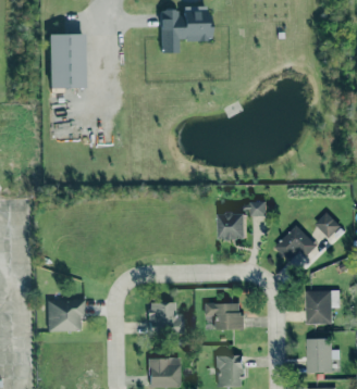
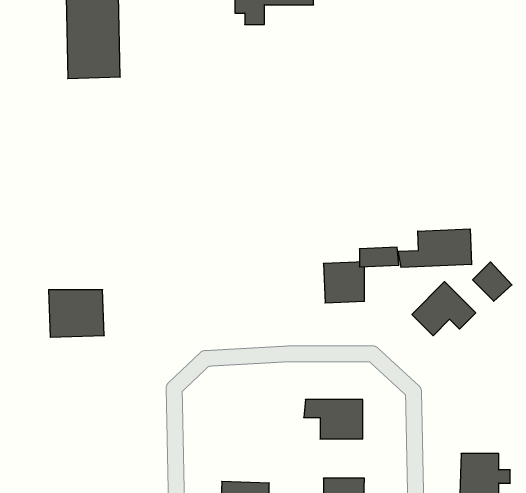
building: none -> [398,229,472,267]
building: [306,291,341,324] -> none
building: [47,300,84,331] -> [49,290,104,337]
building: [149,302,175,328] -> none

